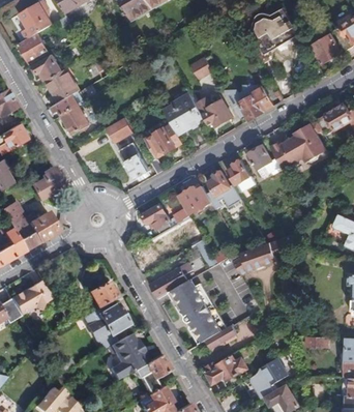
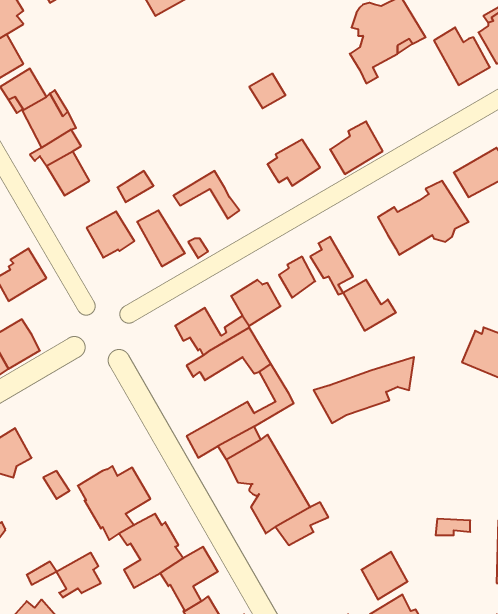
building: [163,93,204,135] -> none
building: [146,129,176,158] -> [87,211,134,258]
building: [248,146,282,178] -> [343,280,396,331]
building: [89,281,117,306] -> none
building: [207,349,250,386] -> none
building: none -> [56,553,101,598]

